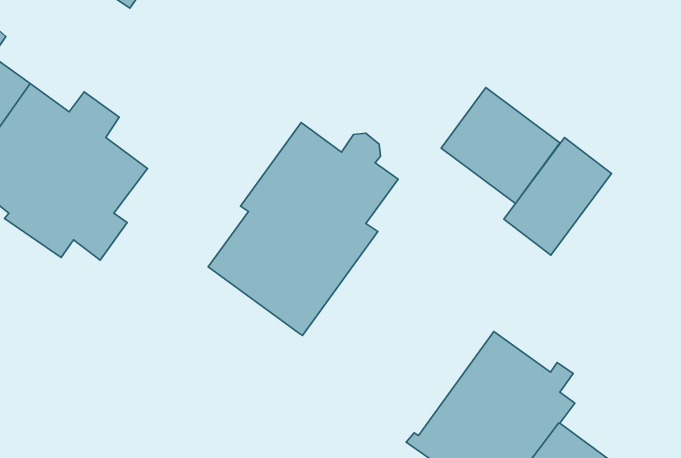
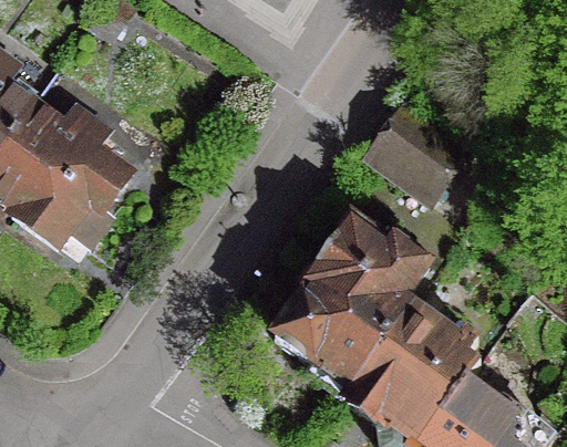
building: [208,122,398,335] -> [272,217,429,392]
building: [504,138,612,255] -> none

